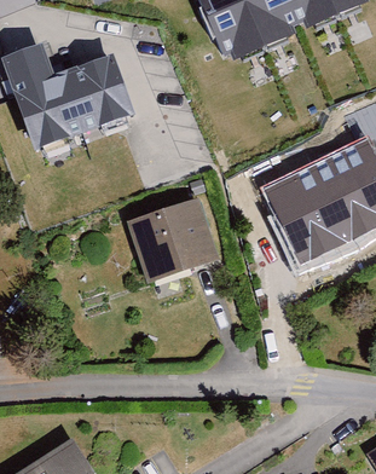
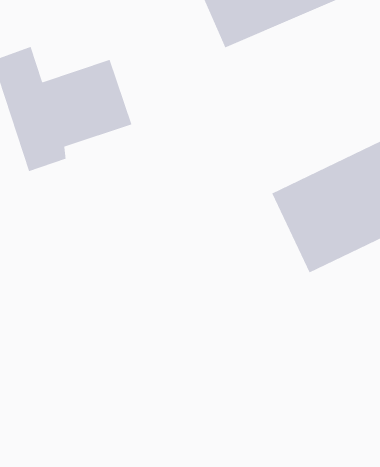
building: [125,198,220,287] -> none

